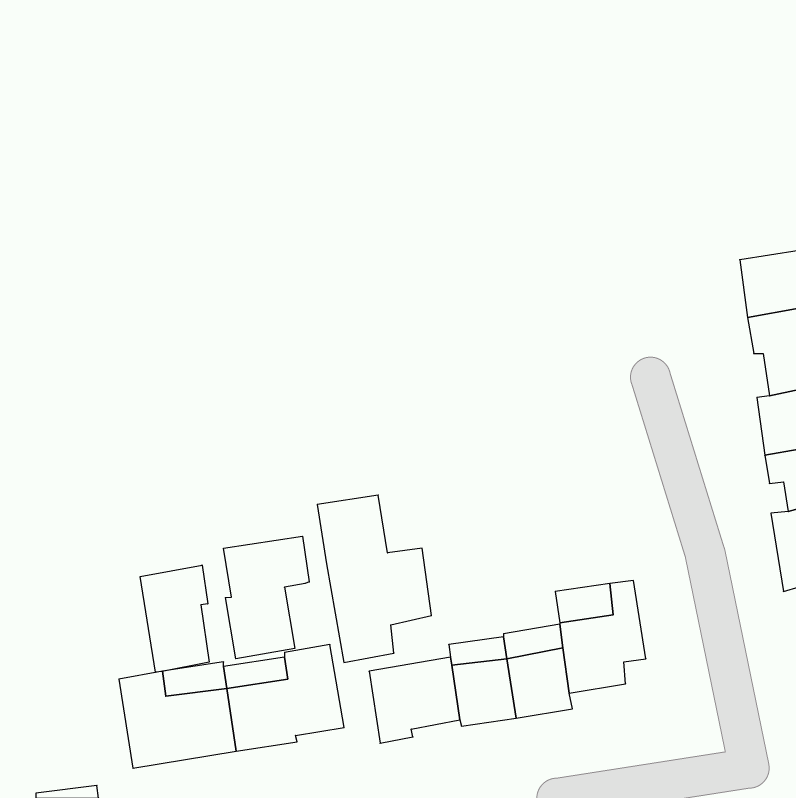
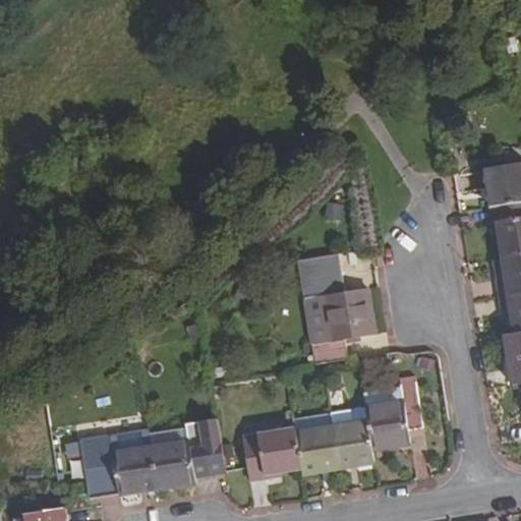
building: [317,495,431,662] -> [297,256,371,365]
building: [224,536,309,659] -> none
building: [140,565,209,672] -> none

